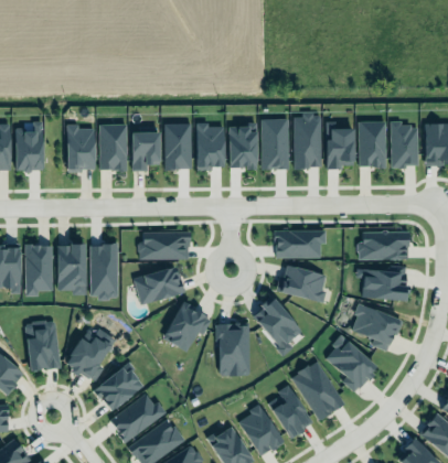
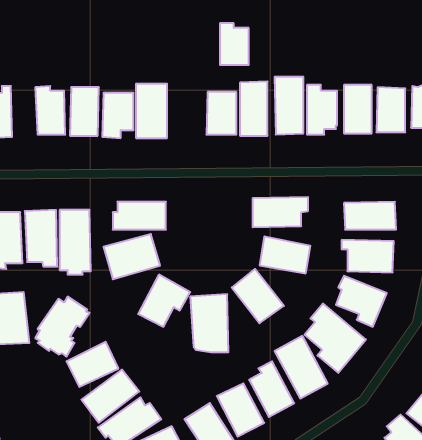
building: [196,125,224,164] -> [220,23,249,65]

